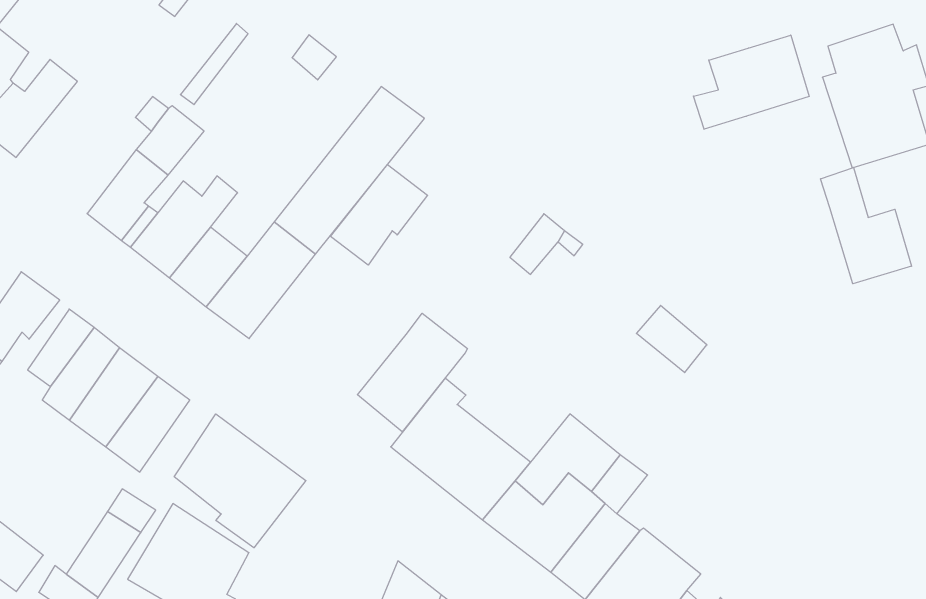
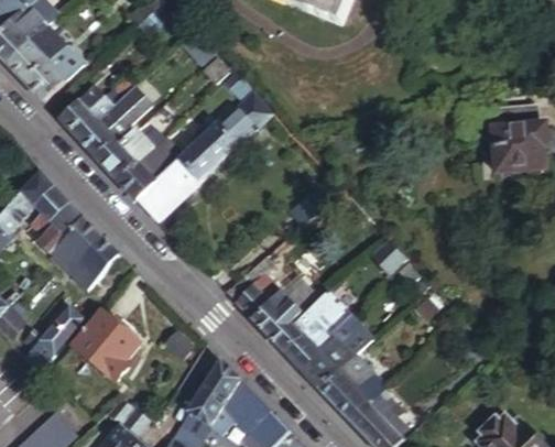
building: [693,35,809,129] -> none
building: none -> [61,91,111,140]
building: [331,164,428,265] -> none
building: [821,167,912,284] -> none
building: [357,313,467,432] -> none
building: [174,414,306,548] -> none

